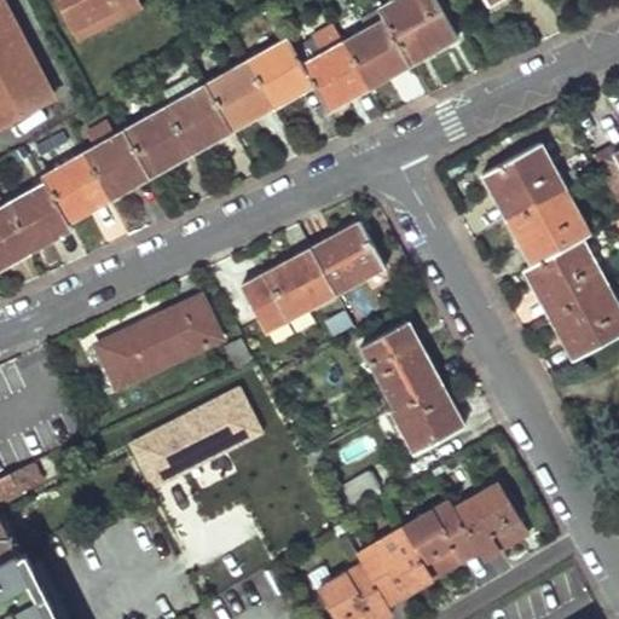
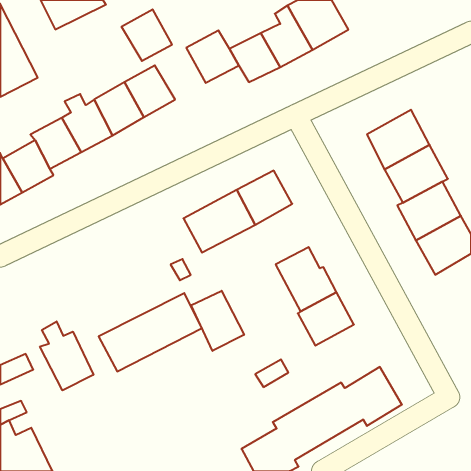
building: [203,63,270,131] -> [121,9,172,61]
building: [97,296,220,386] -> none
building: none -> [191,291,244,351]
building: none -> [40,321,93,390]

